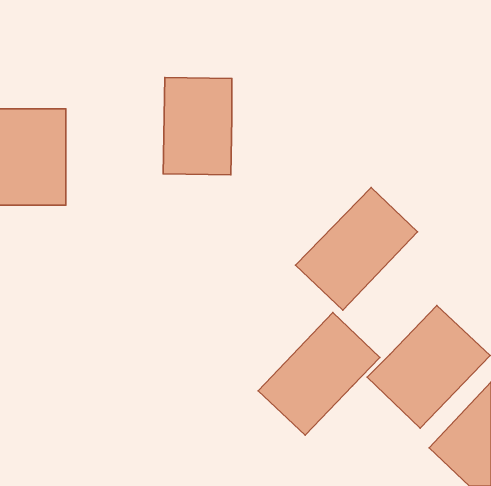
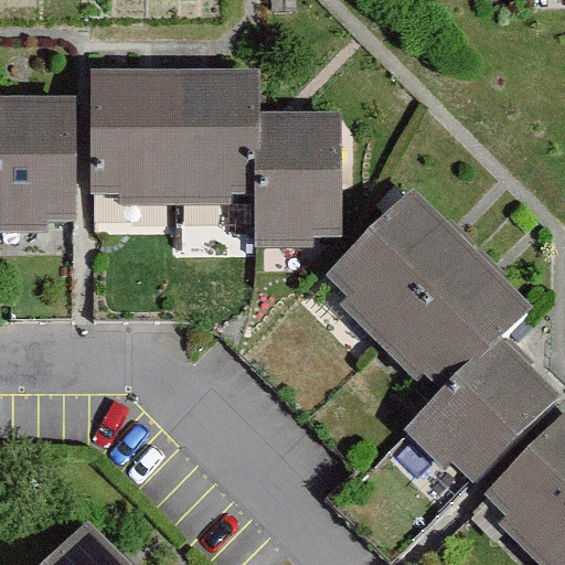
building: none -> [107,86,184,195]
building: none -> [258,132,342,241]
building: [258,312,380,435] -> [385,260,522,398]

